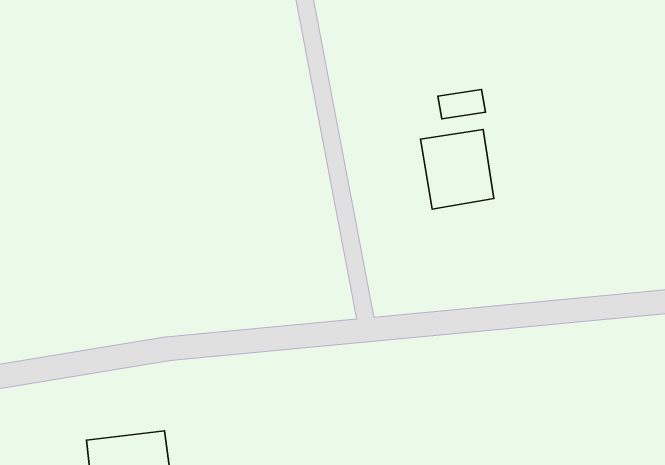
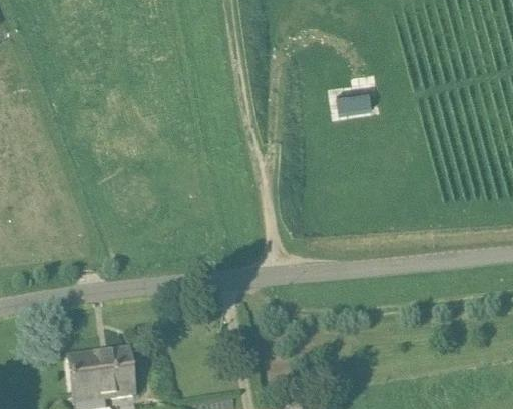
building: [420,130,494,209] -> none

